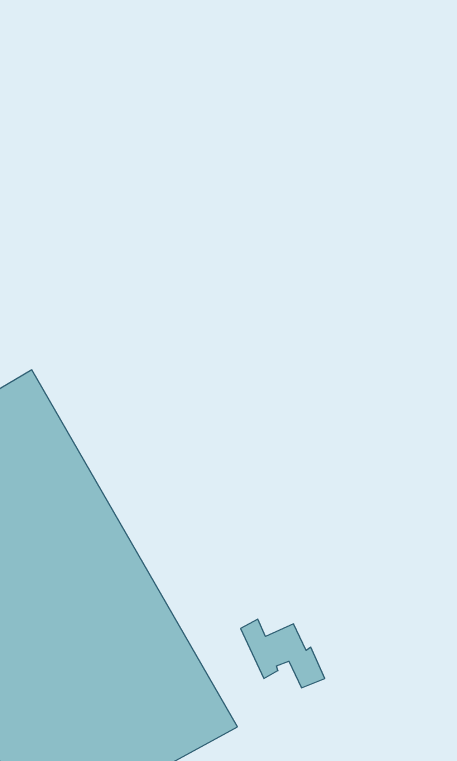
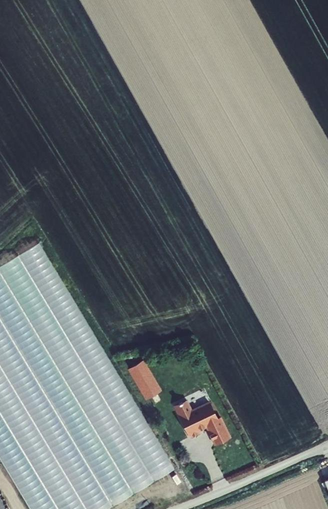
building: none -> [129,360,163,401]

